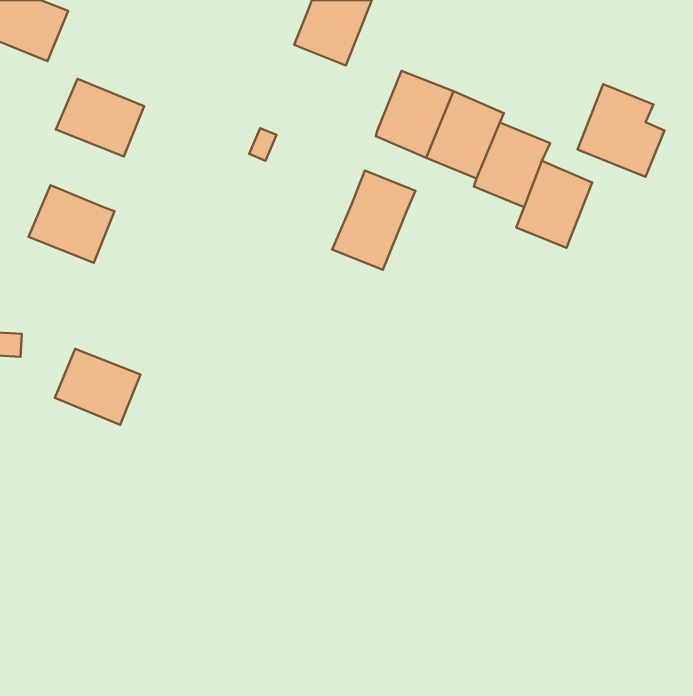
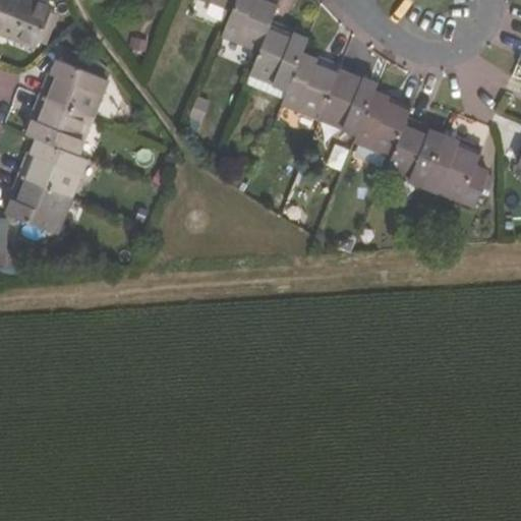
building: [577,84,664,177] -> [423,136,488,206]
building: none -> [27,97,93,155]
building: [332,170,415,270] -> [244,23,306,98]
building: [55,349,141,425] -> [6,177,70,234]

